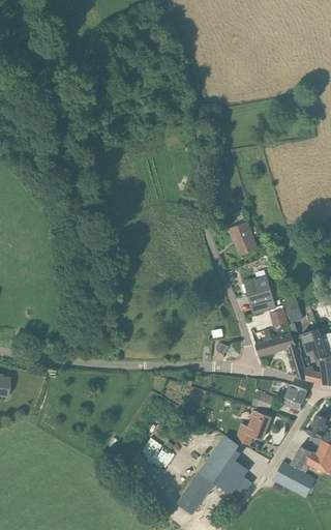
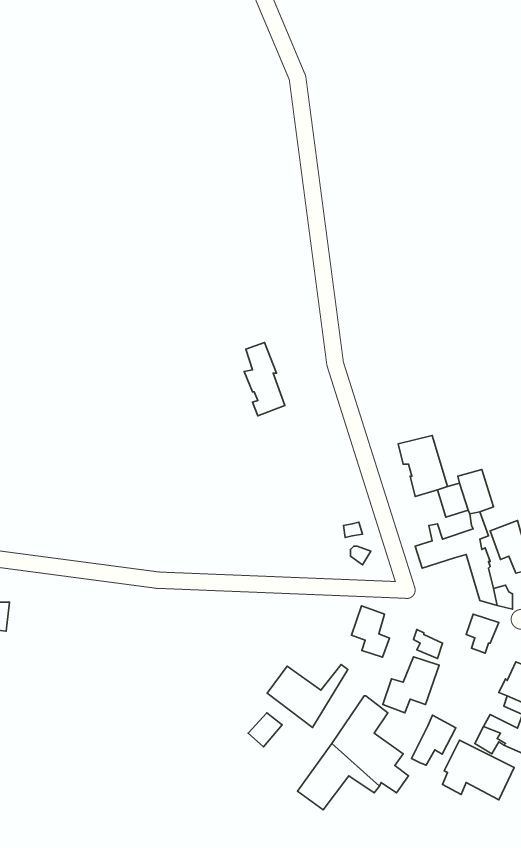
building: [232,209,257,254] -> [244,343,285,416]
building: none -> [351,606,389,657]
building: none -> [267,665,348,728]
building: none -> [411,715,456,765]

